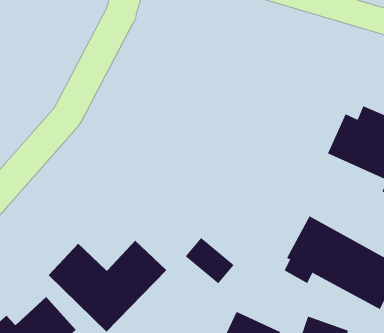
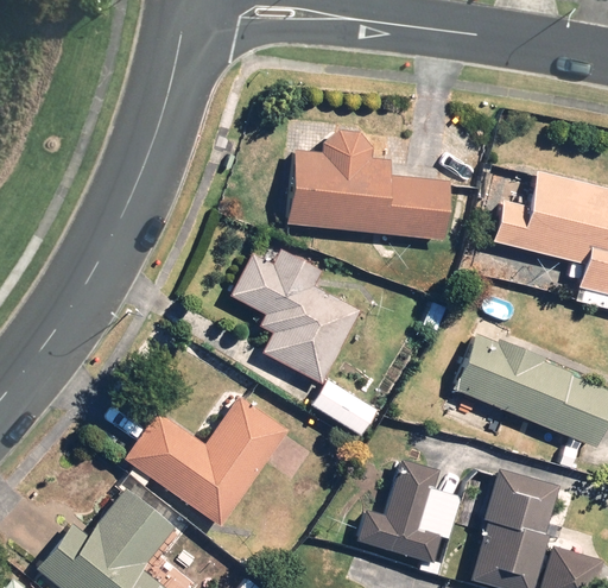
building: none -> [286,154,450,239]
building: none -> [226,247,365,385]

